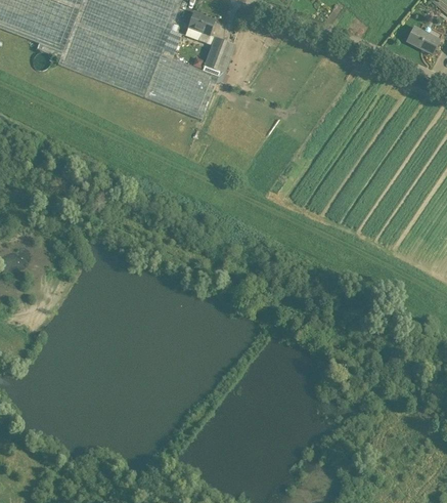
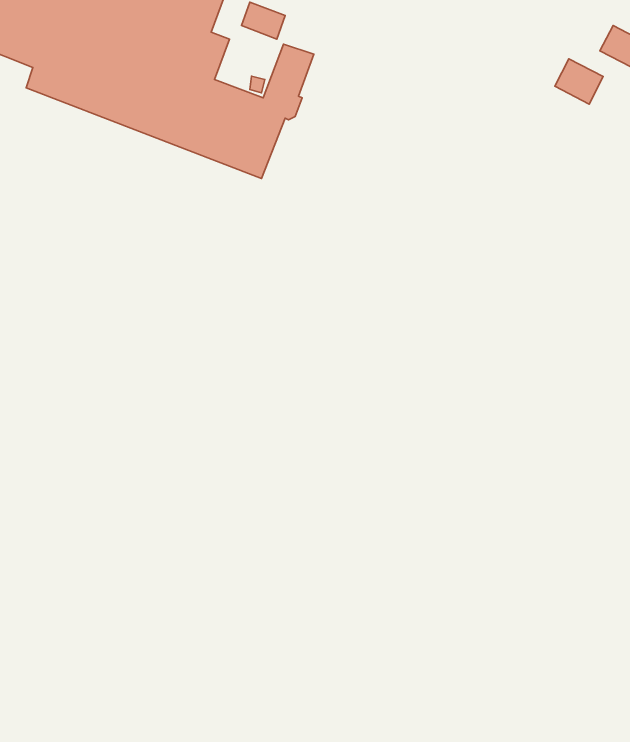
building: none -> [555,59,603,104]

